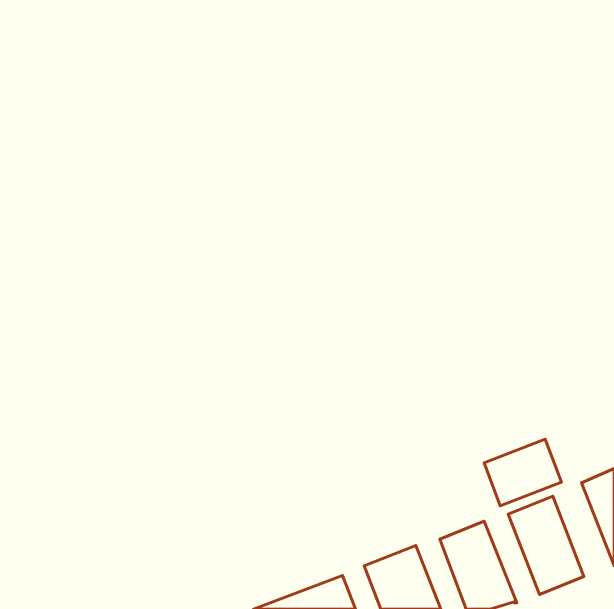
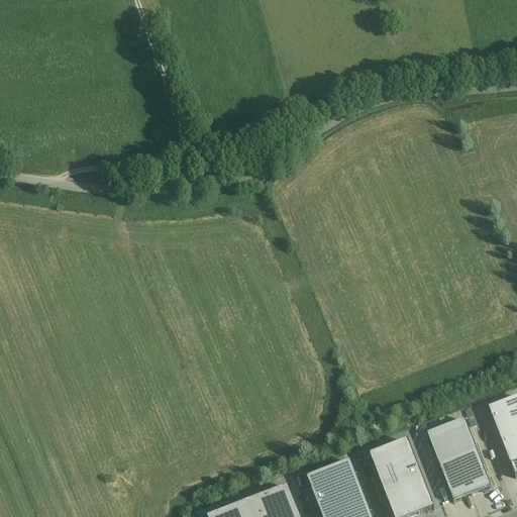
building: [484,439,561,506] -> none

